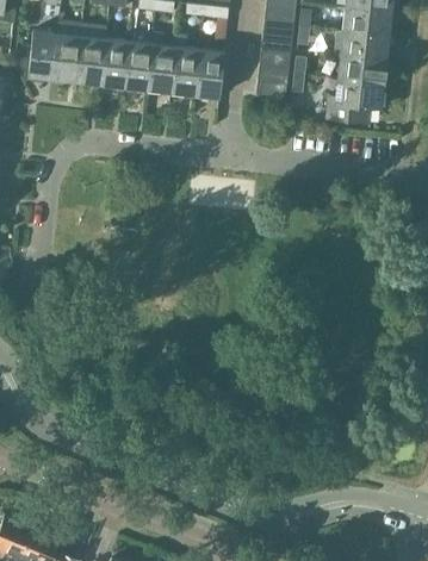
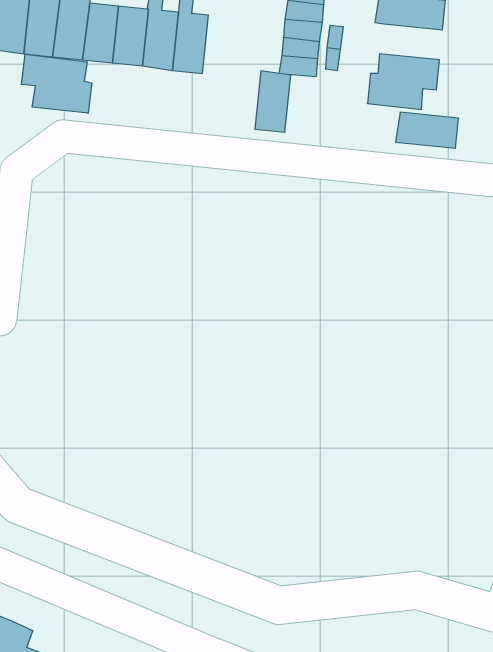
building: [194,50,223,99] -> [255,71,291,132]
building: [335,57,385,86] -> [396,112,459,148]
building: none -> [21,54,92,113]

